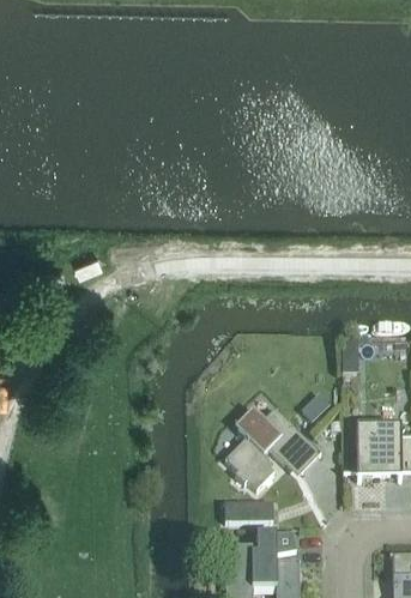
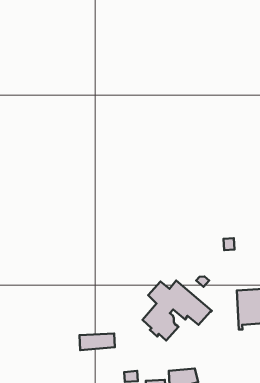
building: [225,502,273,523] -> [79,333,115,350]

